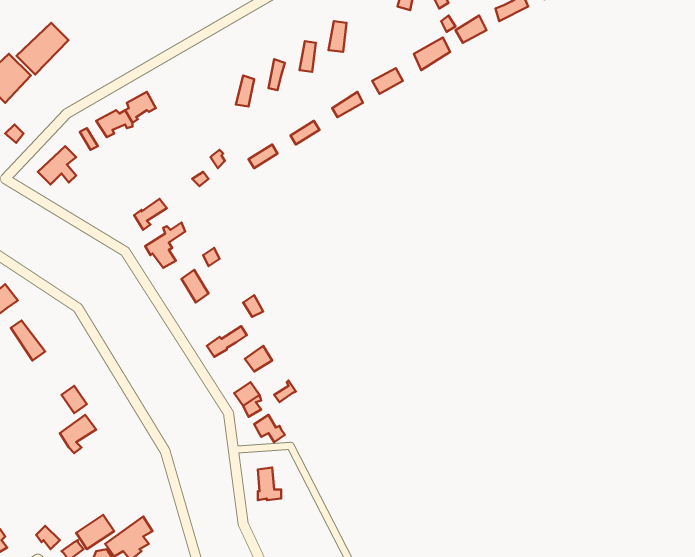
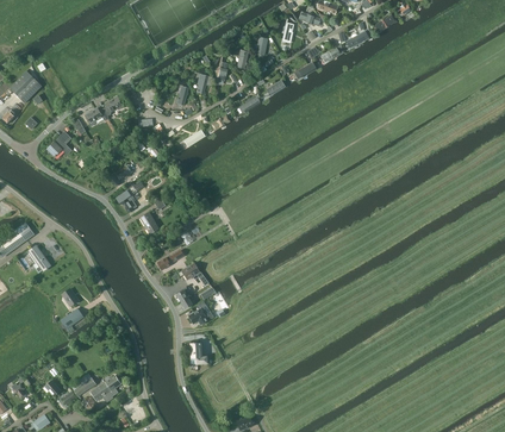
building: [16,23,68,75] -> none

